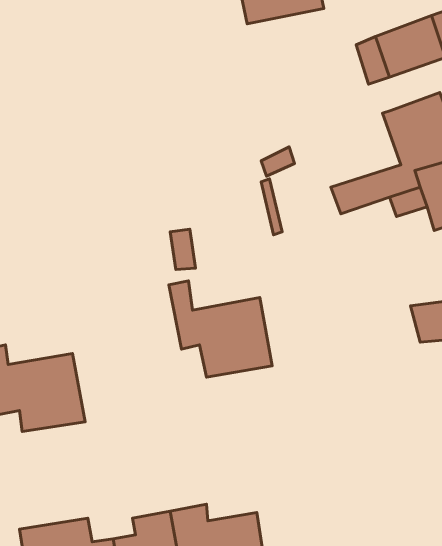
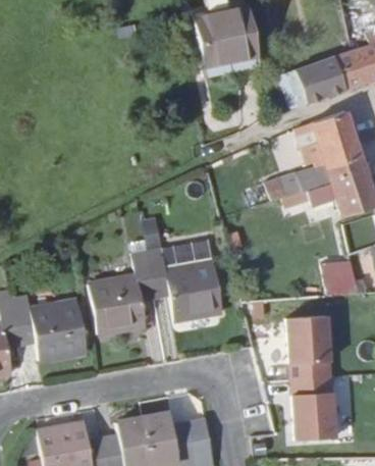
building: none -> [161,241,213,271]
building: none -> [92,253,156,333]
building: none -> [288,309,337,433]

